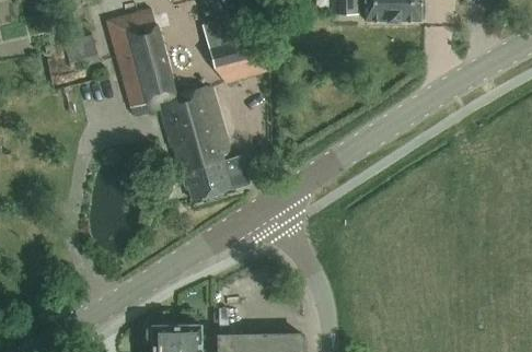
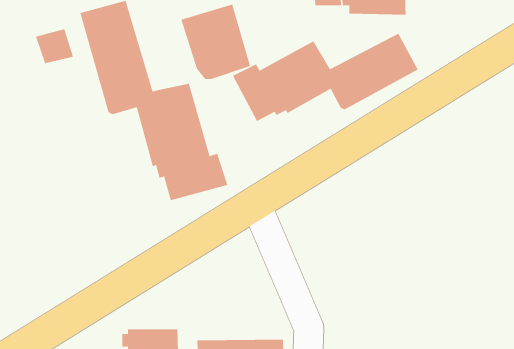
building: none -> [232,33,418,122]

